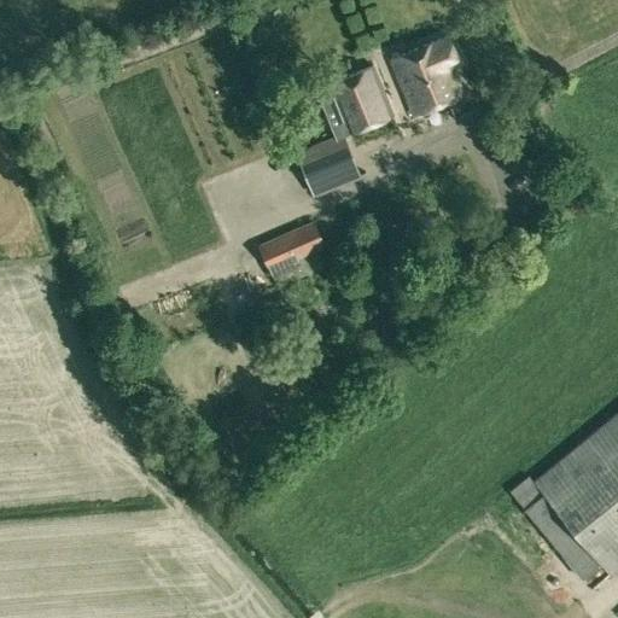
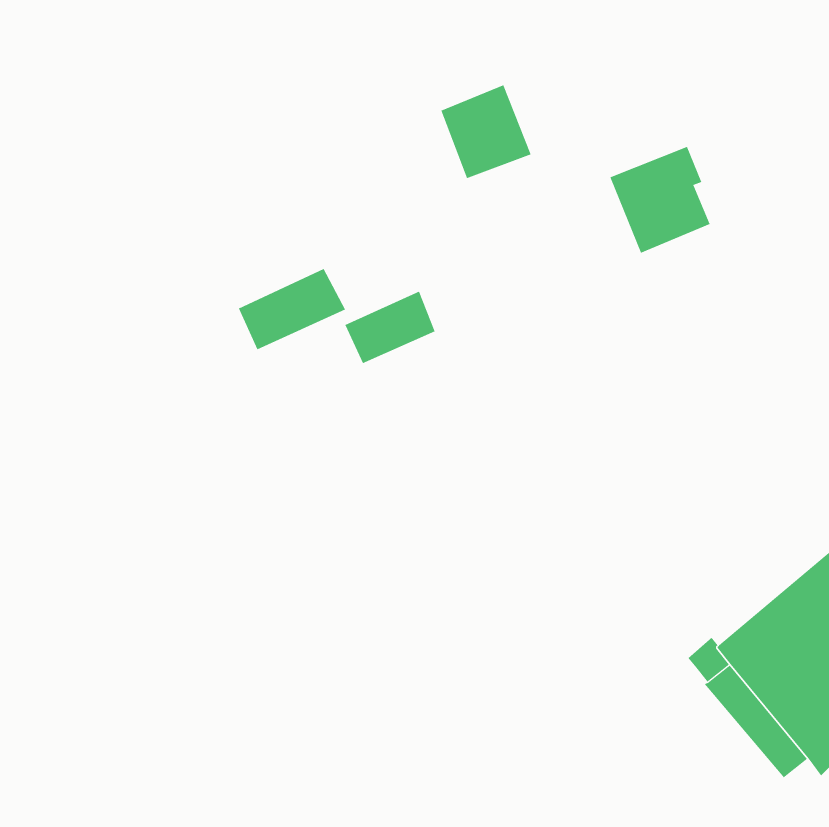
building: [391,37,466,117] -> [610,146,710,254]
building: [297,136,361,197] -> none
building: none -> [238,268,346,350]

